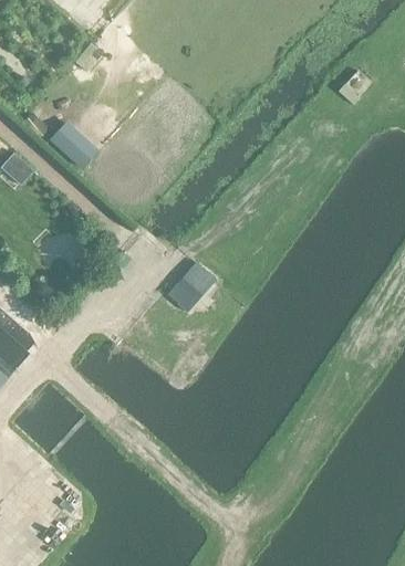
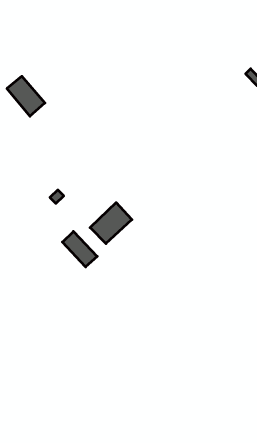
building: none -> [62,231,97,267]

